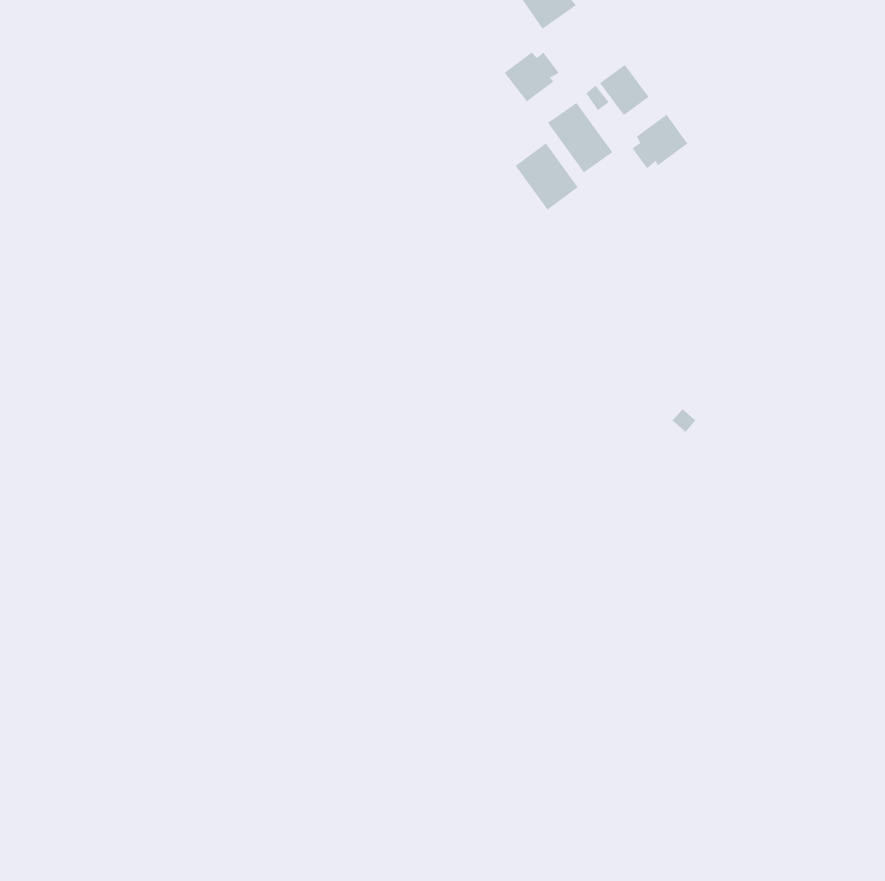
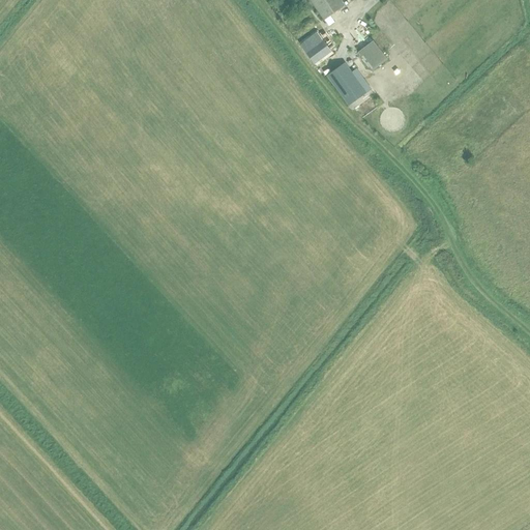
building: [632,114,688,169] -> none
building: [515,143,578,210] -> none

